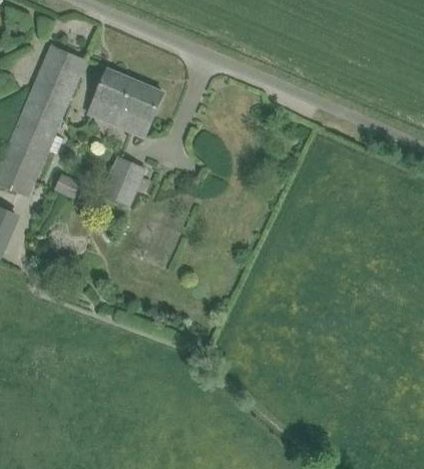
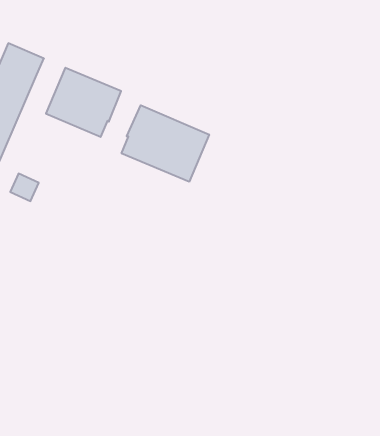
building: none -> [122,105,209,182]
building: [100,155,148,207] -> none

